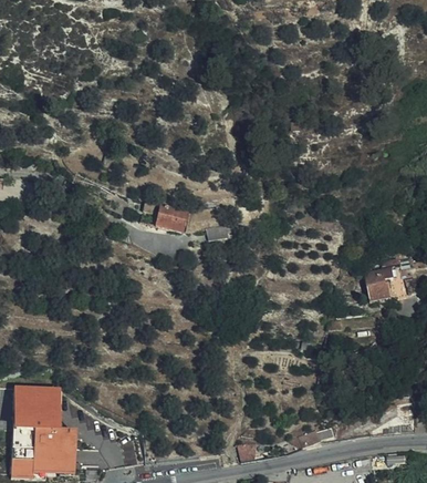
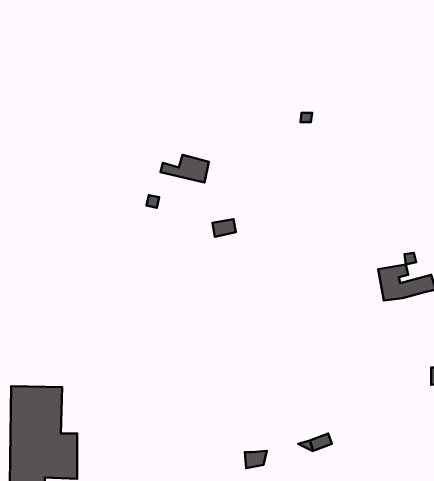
building: [140,205,187,232] -> [160,155,209,183]

